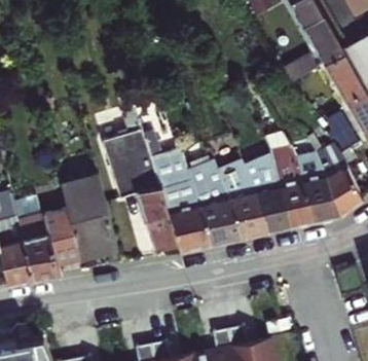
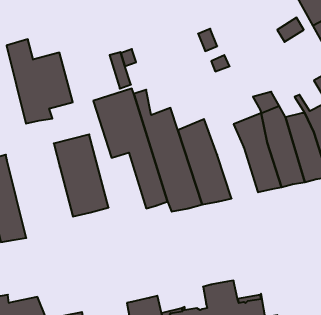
building: [218,159,268,240] -> none
building: [14,194,81,280] -> [7,39,73,124]

